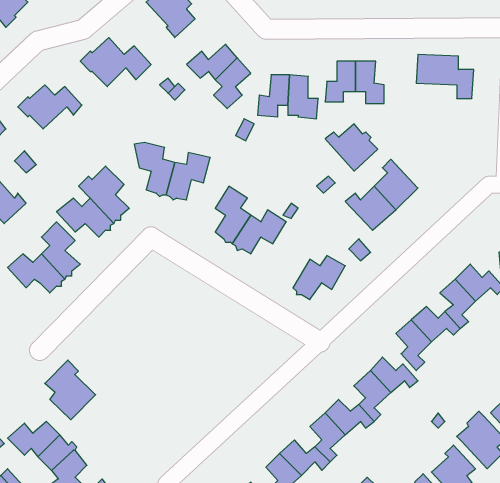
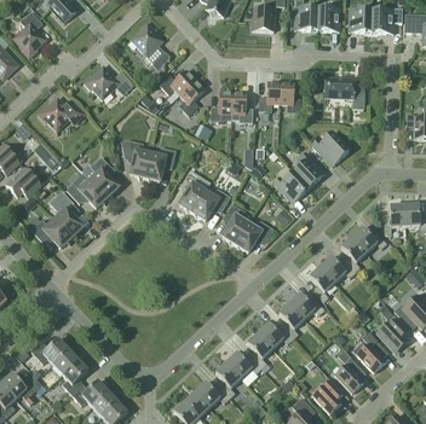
building: [325,124,378,171] -> [311,133,349,167]
building: none -> [221,203,247,244]
building: [45,360,96,420] -> none

